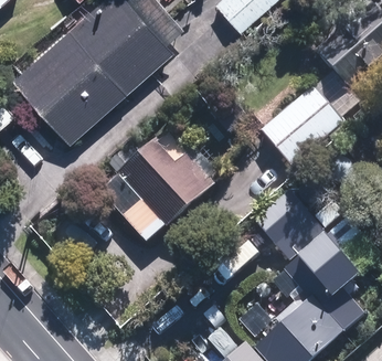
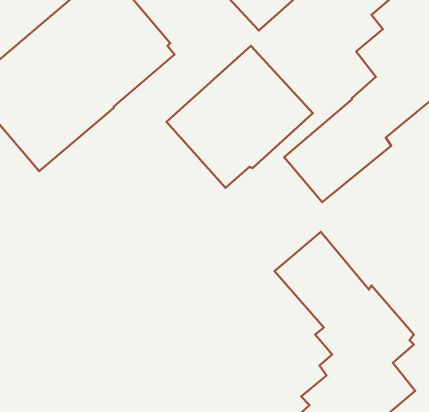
building: [98,131,213,243] -> [166,46,313,188]

